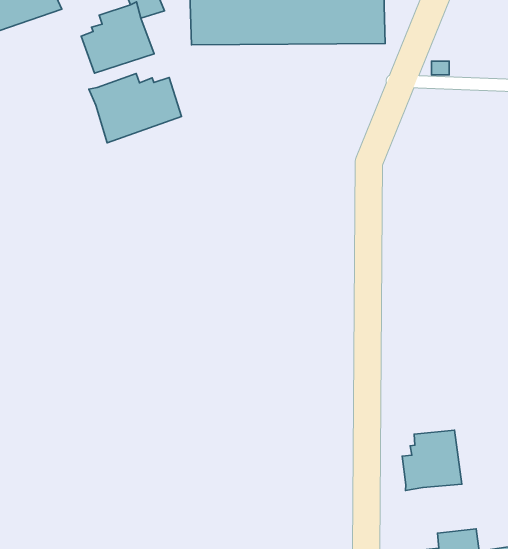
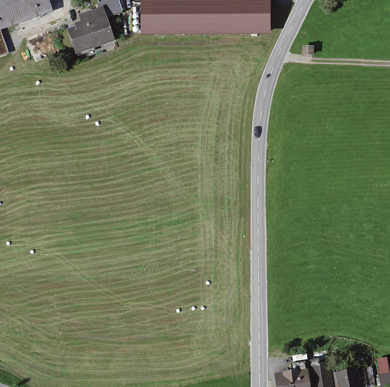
building: [89,74,182,143] -> none
building: [402,430,462,491] -> none

